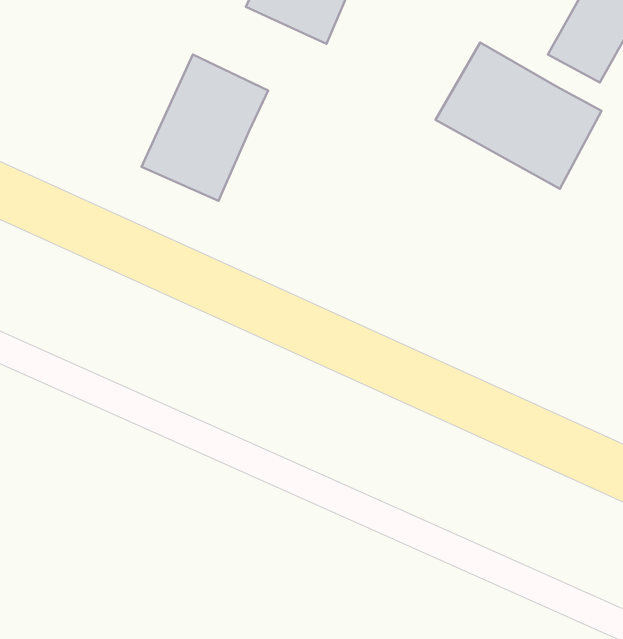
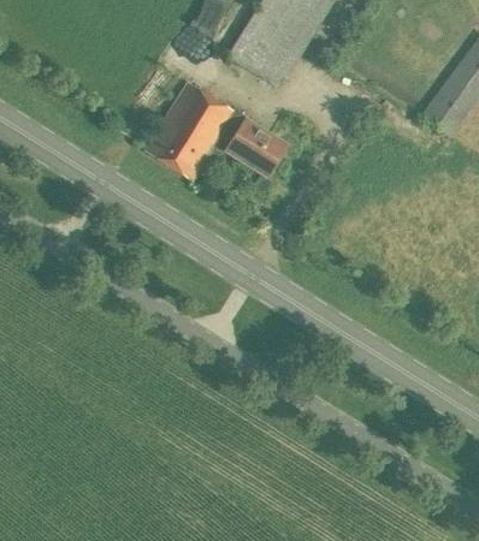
building: [436,43,602,189] -> none
building: none -> [219,112,288,176]

